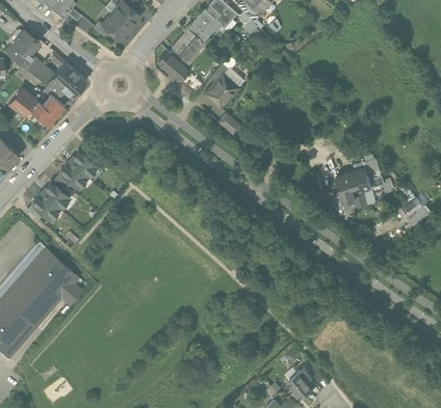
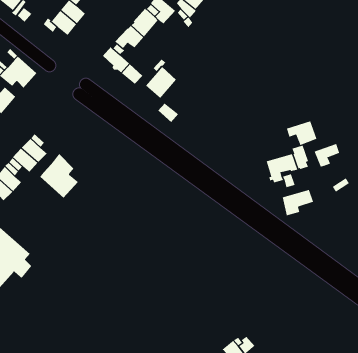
building: none -> [286,120,317,146]
building: none -> [314,143,340,168]
building: none -> [39,153,79,198]
building: none -> [282,189,314,216]

